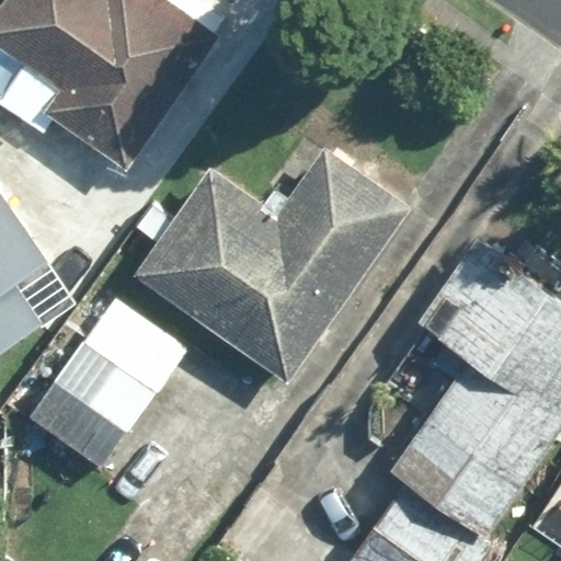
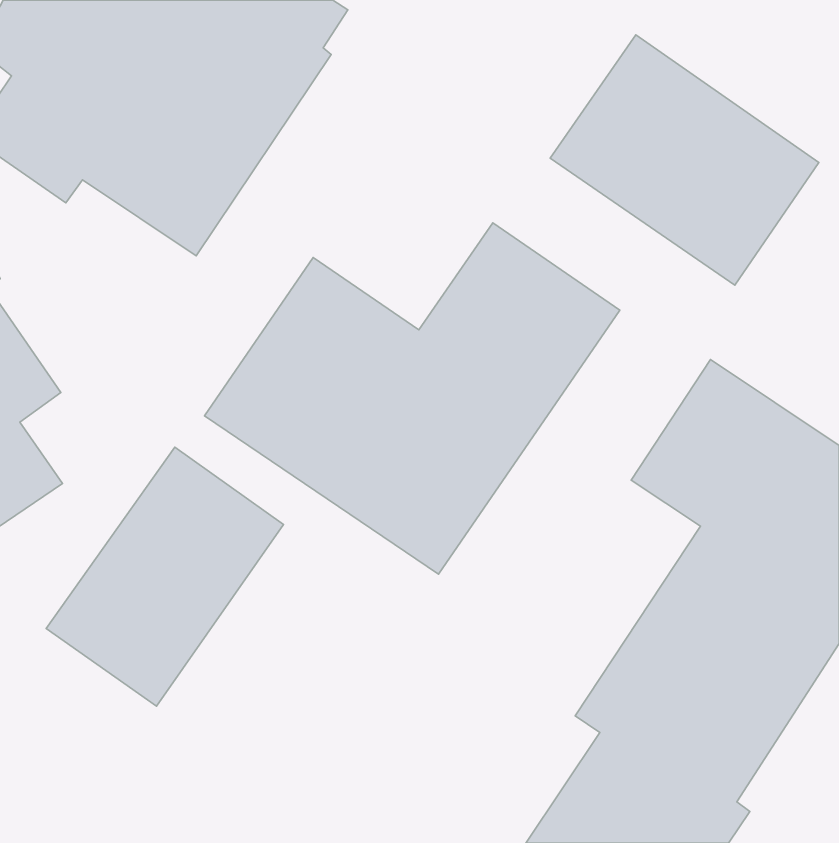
building: none -> [550,35,819,285]

